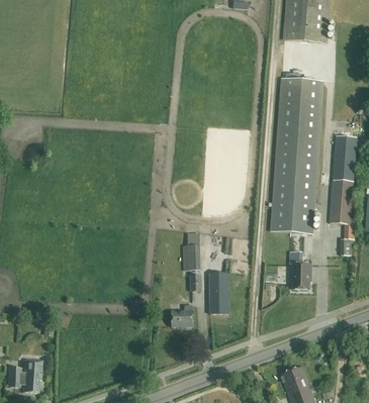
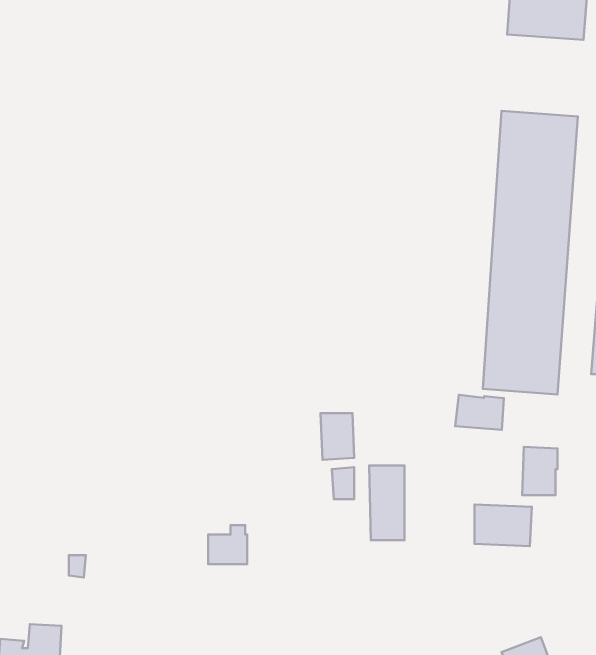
building: none -> [455,395,504,430]
building: none -> [475,505,532,546]
building: [172,305,193,326] -> [208,525,247,564]

